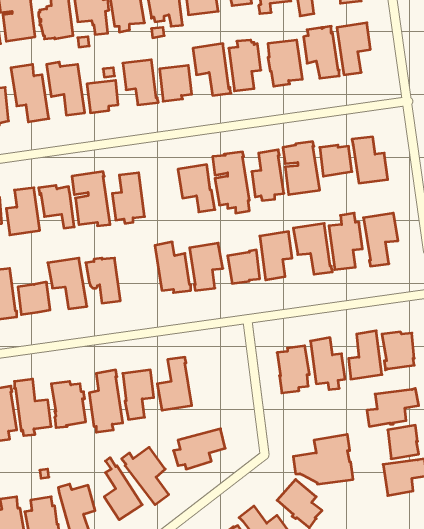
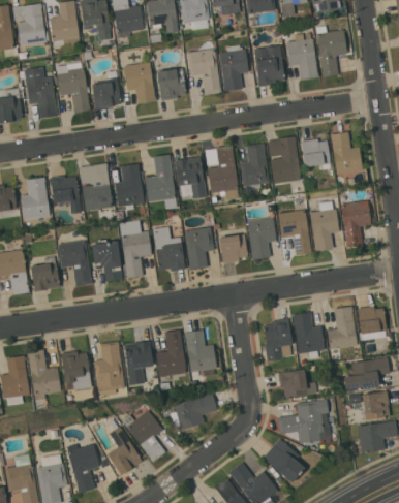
building: none -> [145,155,176,209]
building: none -> [119,220,151,278]
building: none -> [184,329,216,376]
building: none -> [278,369,316,399]

